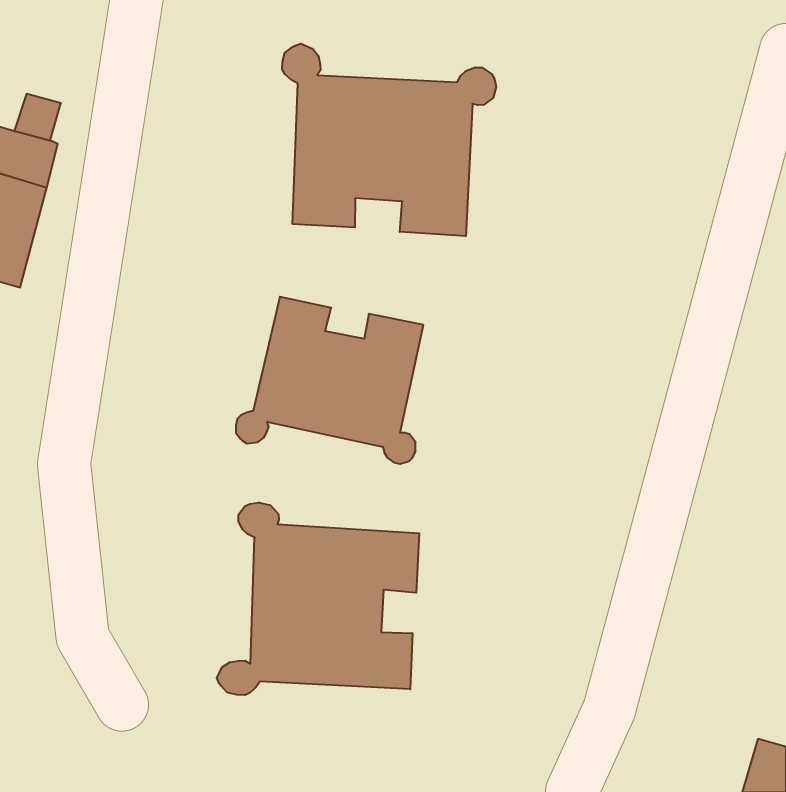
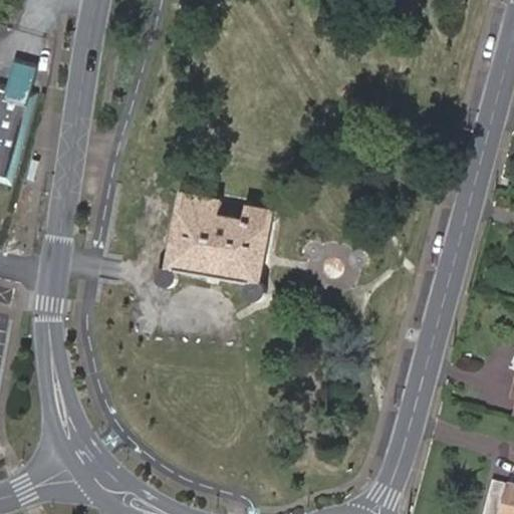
building: [282,44,496,236] -> none
building: [217,502,419,695] -> none

